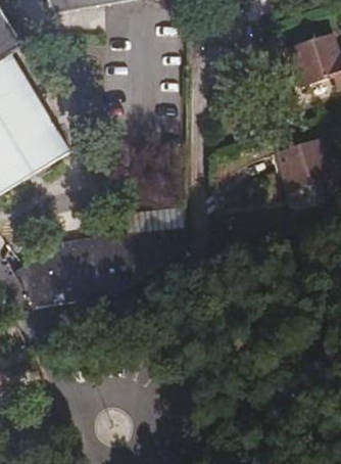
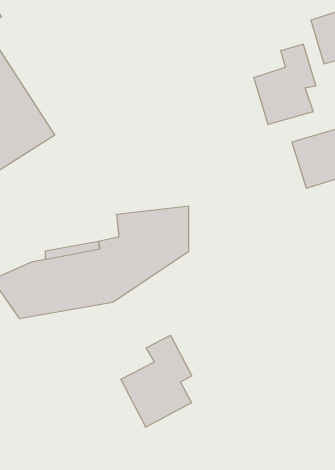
building: none -> [254,44,316,125]
building: none -> [121,335,192,427]

